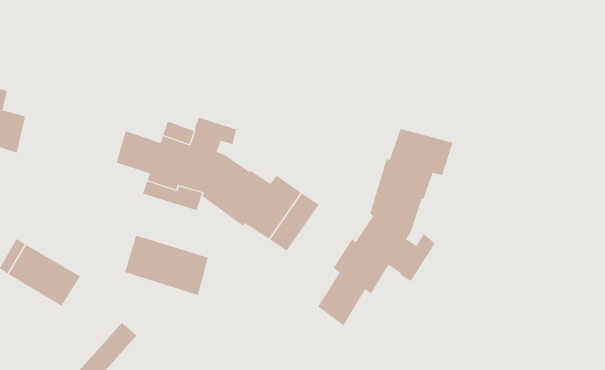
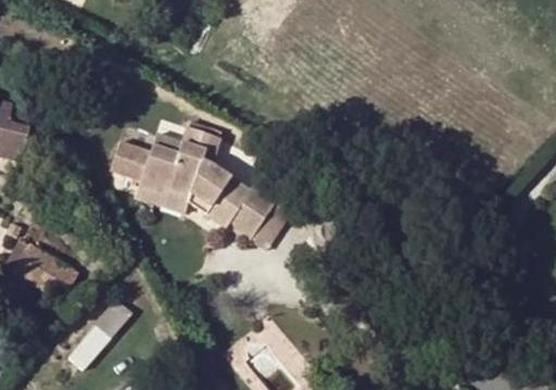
building: [317,128,453,326] -> none
building: [124,235,209,296] -> none

